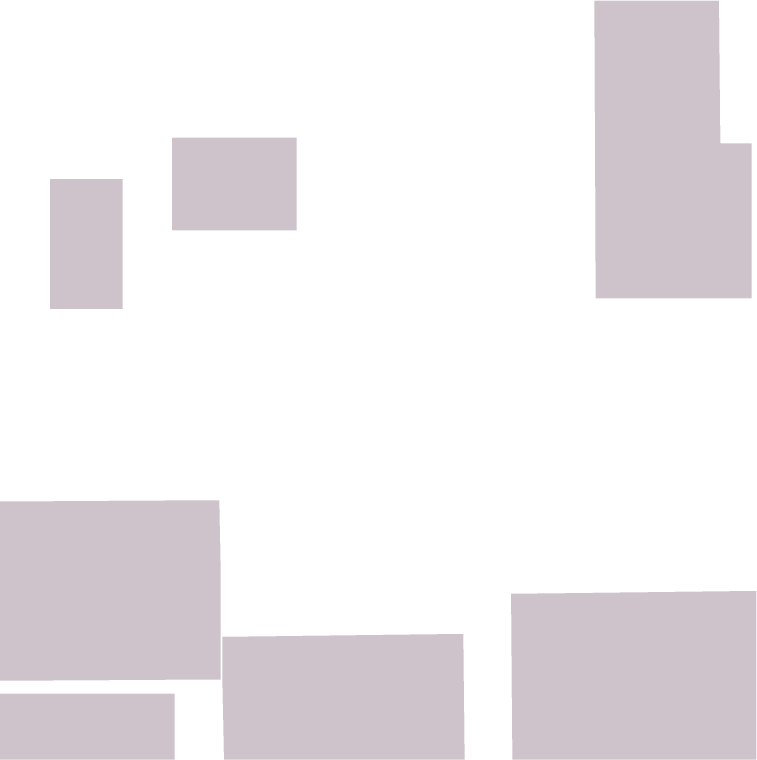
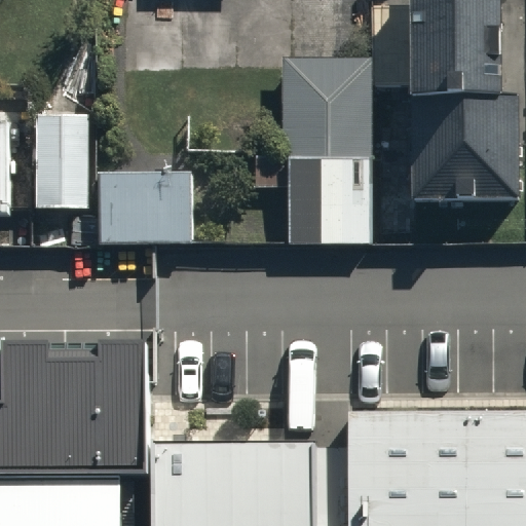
building: none -> [283,66,368,250]
building: [171,137,297,231] -> [106,180,193,245]

